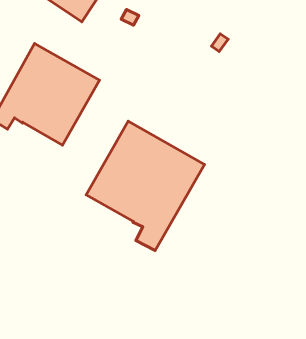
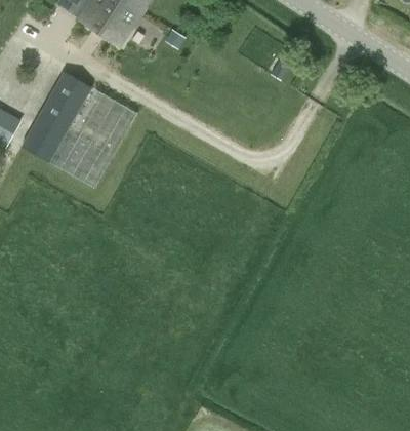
building: [86,121,204,251] -> none

